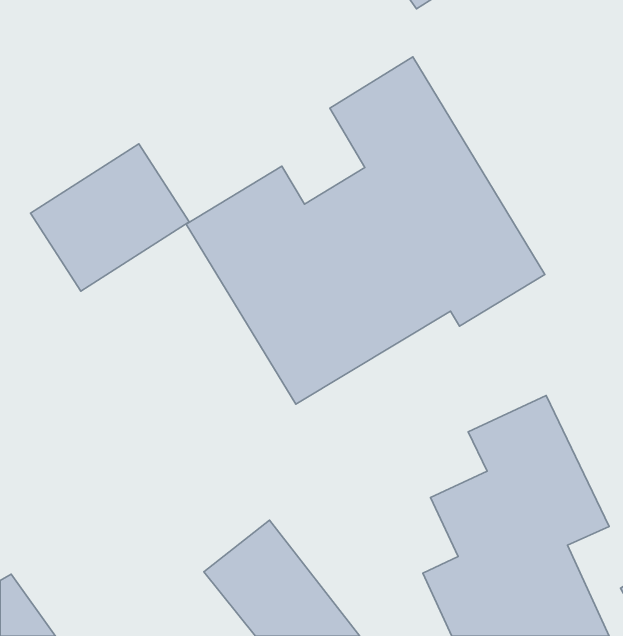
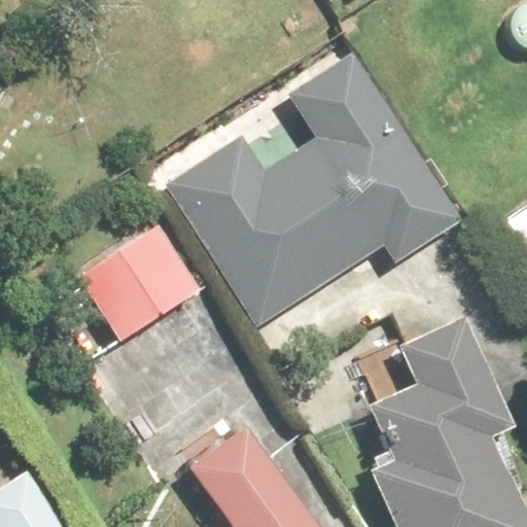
building: [31,144,189,291] -> [74,219,204,340]

